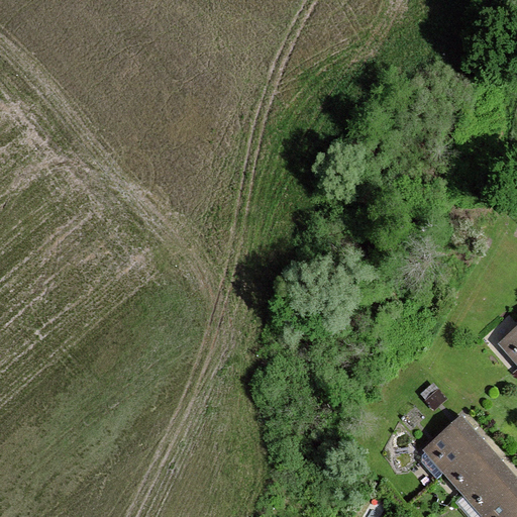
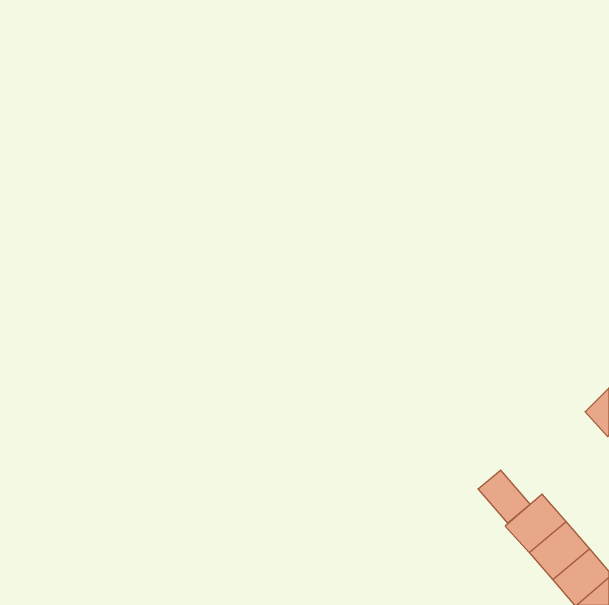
building: none -> [478,470,530,523]

